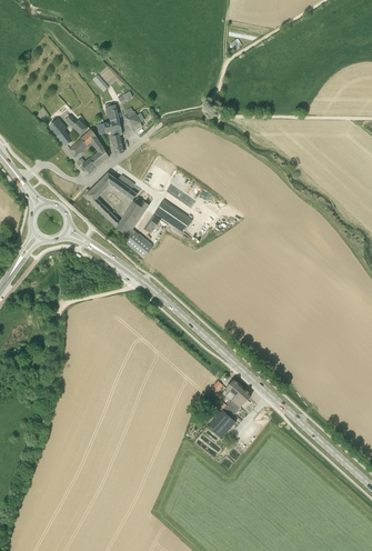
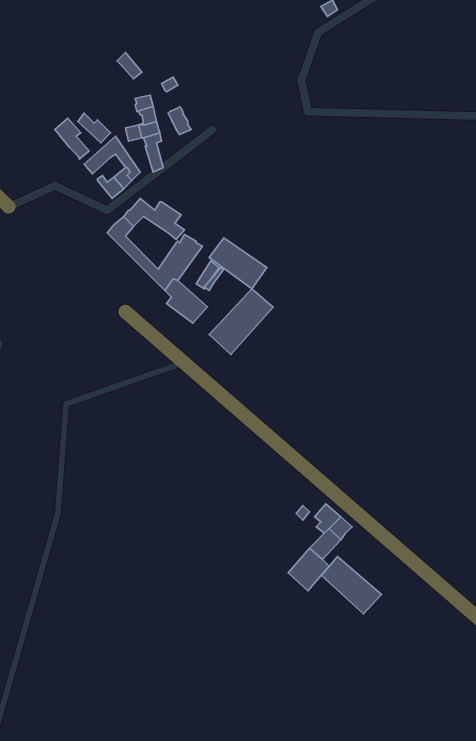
building: none -> [209,289,273,355]
building: none -> [321,556,381,614]

